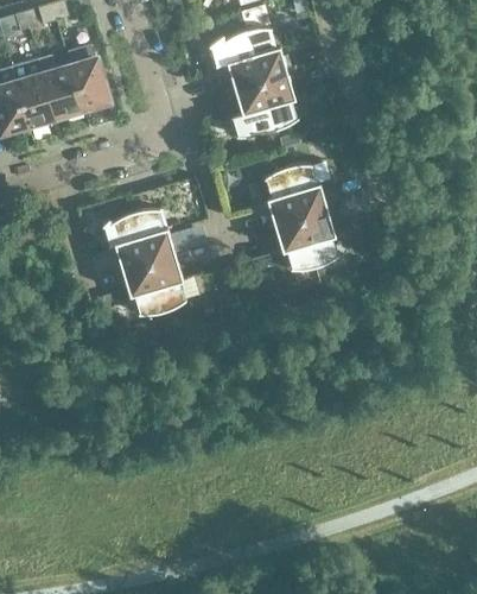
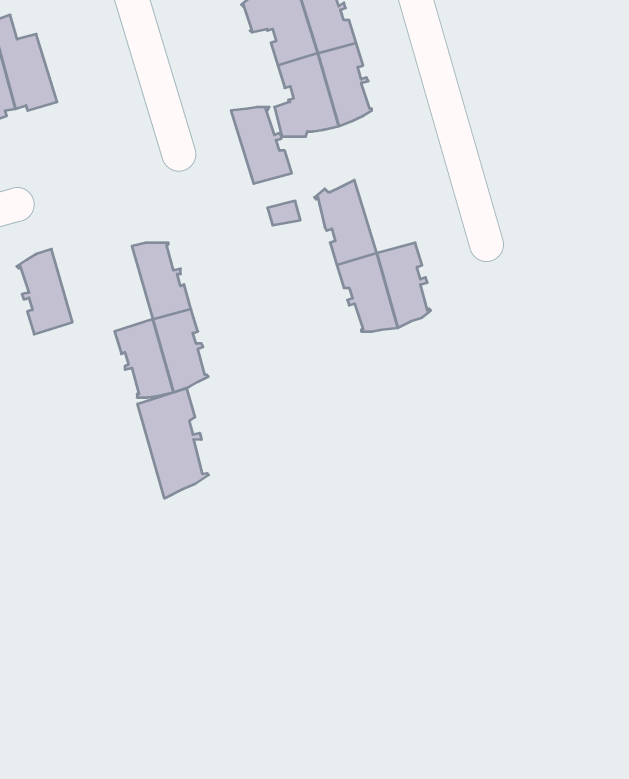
building: [69,58,108,109] -> none
building: [286,164,327,216] -> [231,107,292,184]
building: [110,211,148,270] -> [17,249,72,334]
building: none -> [138,388,209,498]

